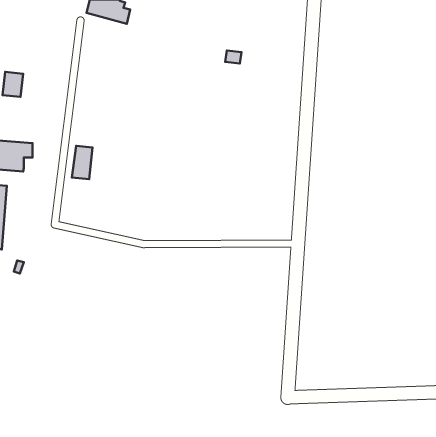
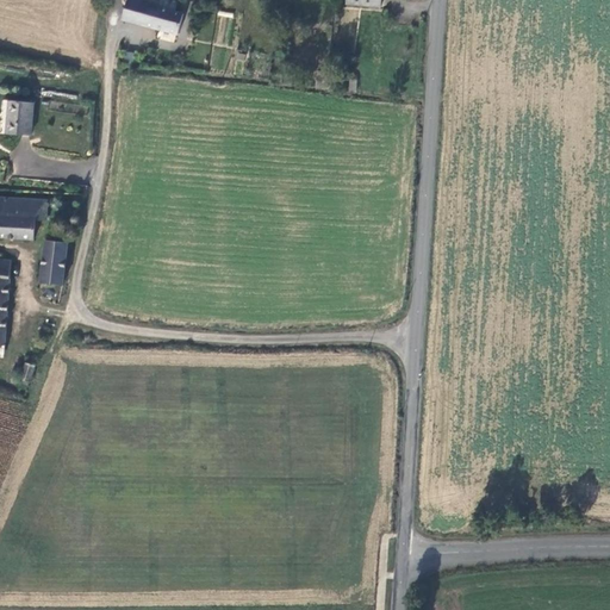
building: [72,146,92,179] -> [38,238,67,285]

